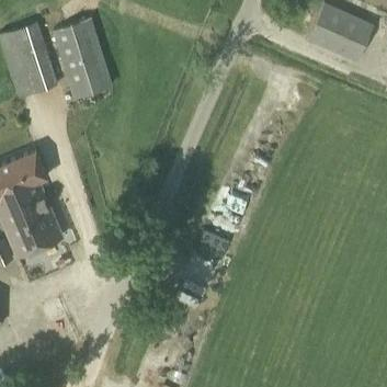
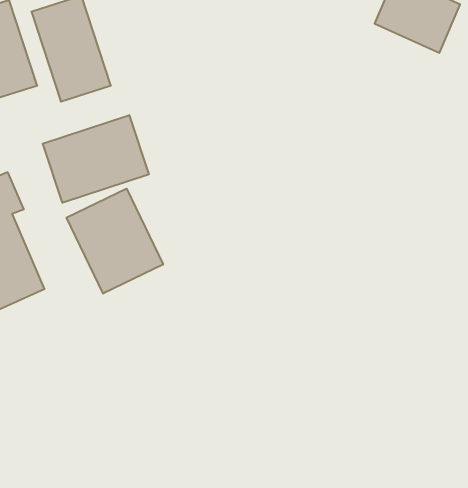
building: none -> [43,115,149,203]
building: none -> [67,189,163,294]

